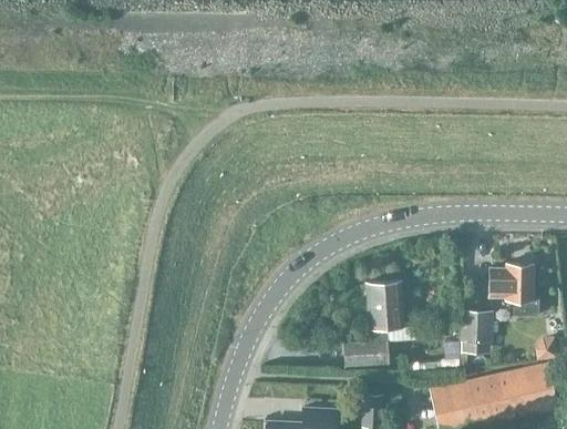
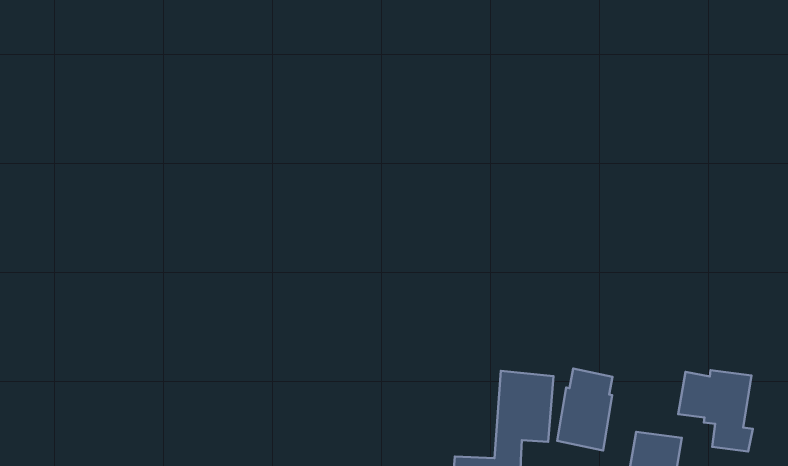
building: none -> [557,368,613,450]

